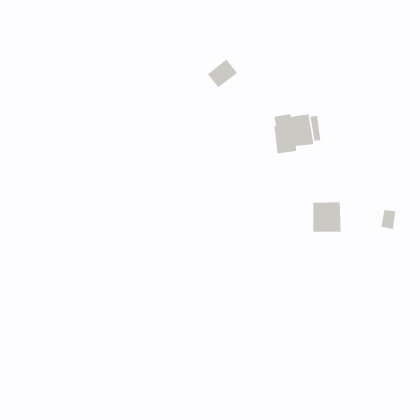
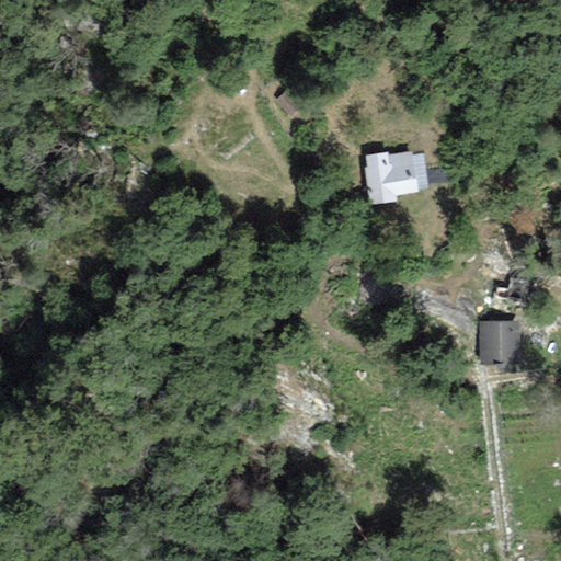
building: [313,201,341,233] -> [481,320,519,362]

